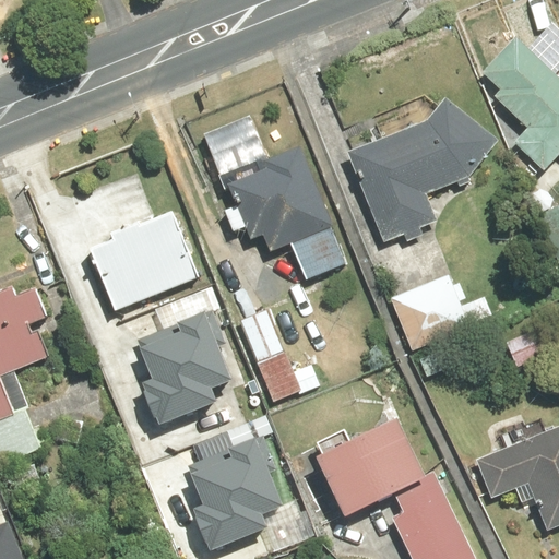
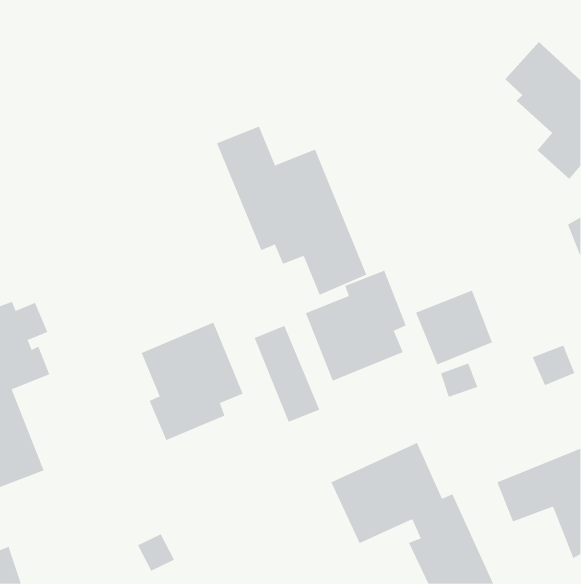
building: [346,100,496,242] -> none
building: [90,216,198,312] -> none
building: none -> [305,270,407,381]
building: [183,431,283,545] -> none

